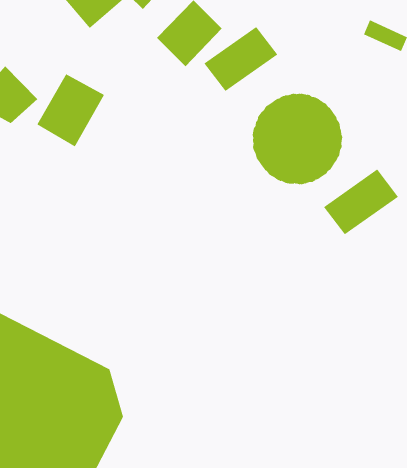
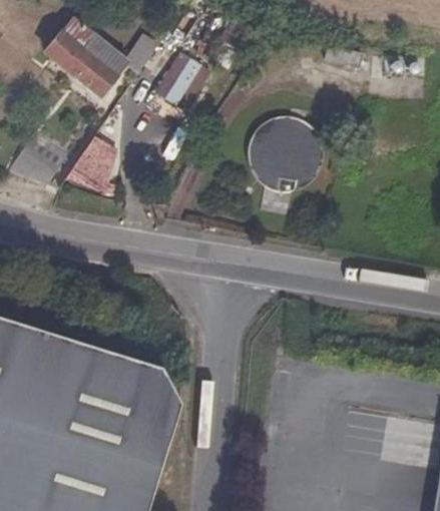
building: [204,26,278,92] -> none
building: [323,169,399,235] -> none

